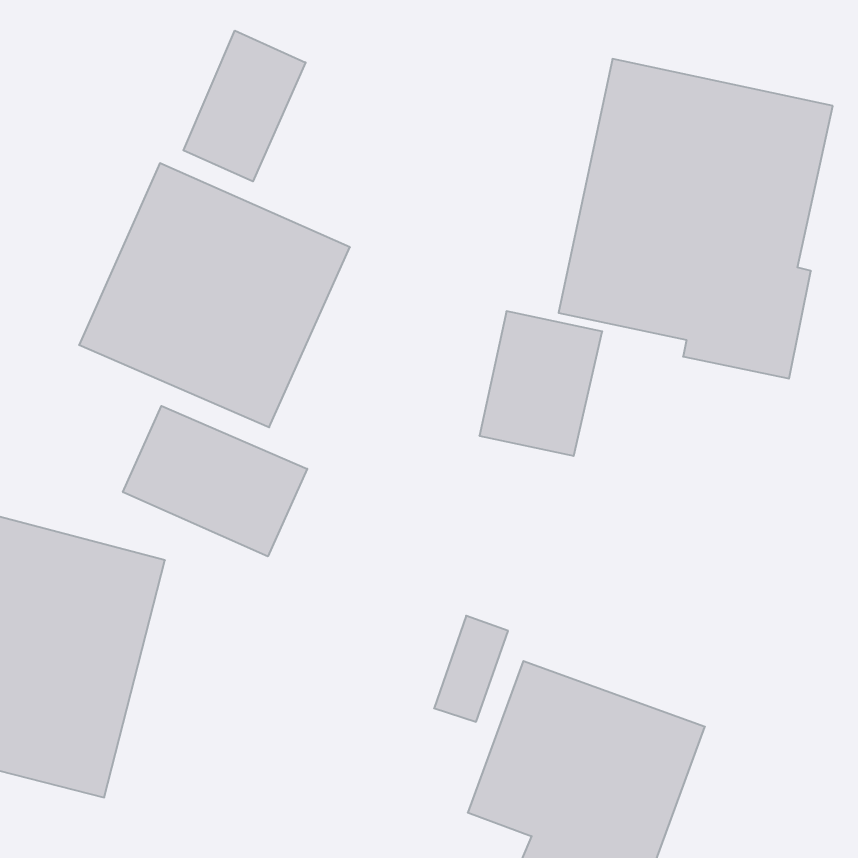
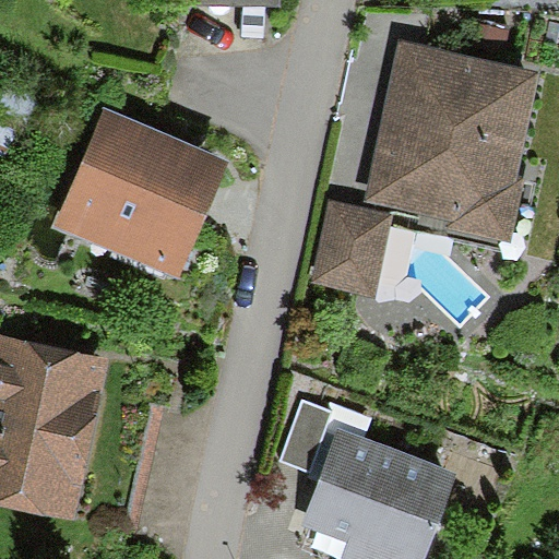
building: [183,31,306,181] -> none
building: [123,406,307,556] -> none

